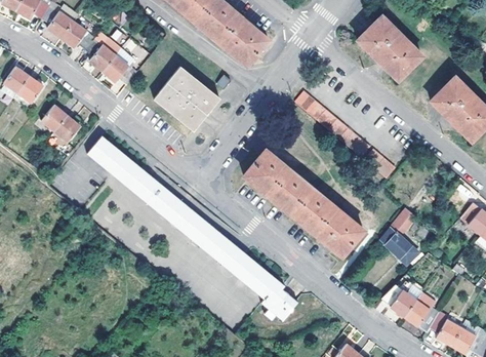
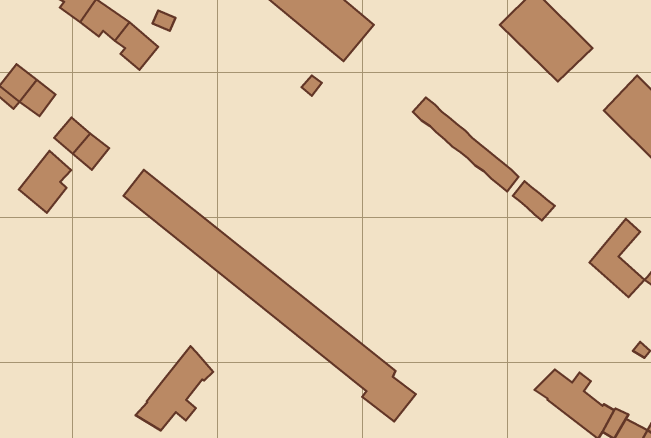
building: [102,48,136,85] -> none
building: [154,67,219,130] -> none
building: none -> [19,151,71,213]
building: [244,150,364,256] -> none
building: [381,209,420,265] -> [590,219,644,297]
building: none -> [135,346,213,430]

